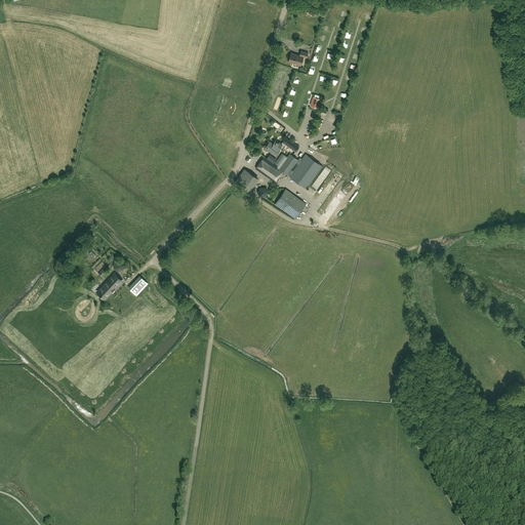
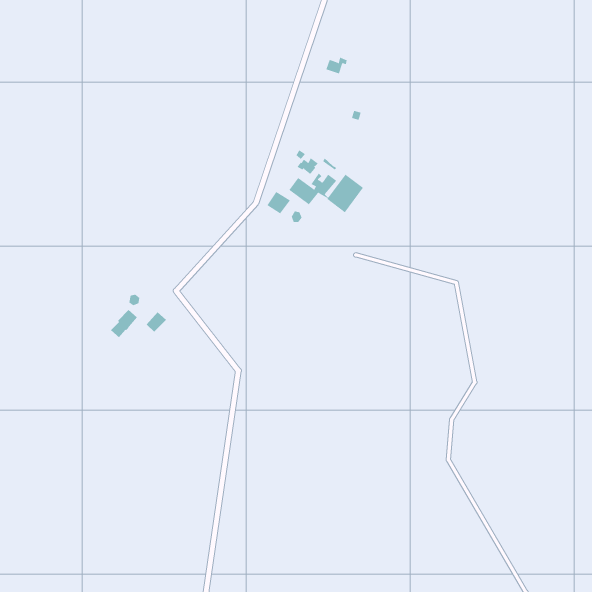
building: [275,189,306,218] -> none

